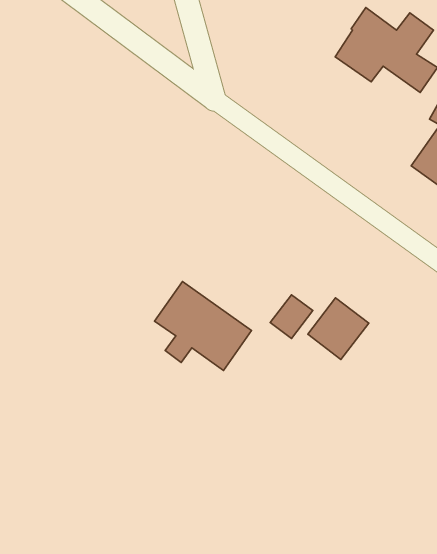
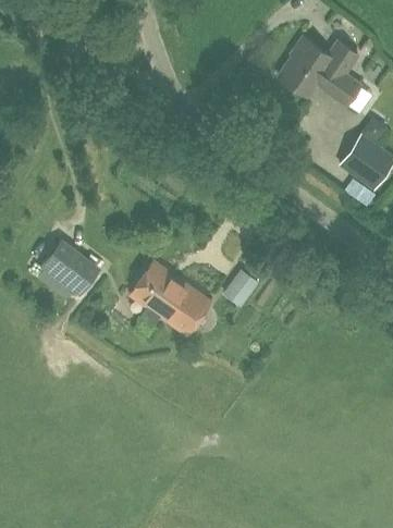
building: none -> [41,242,97,295]
building: [308,298,369,359] -> none

